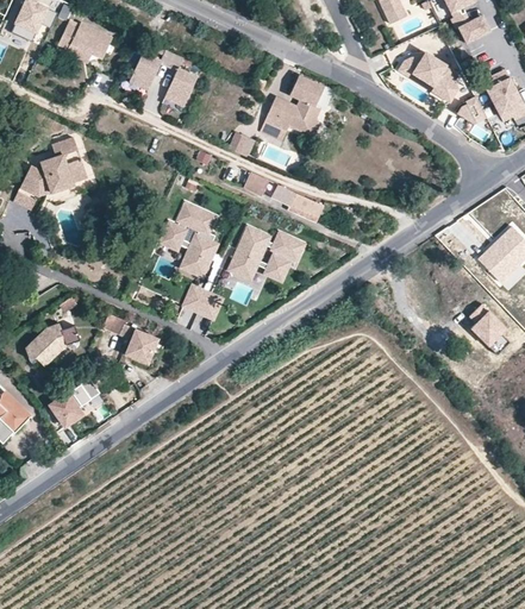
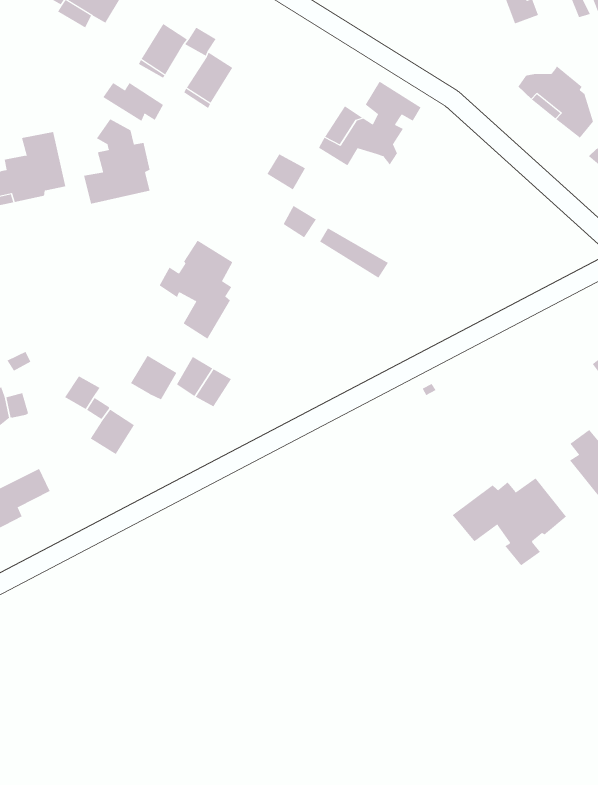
building: none -> [102,82,164,122]
building: none -> [83,119,150,204]
building: [231,227,301,276] -> none
building: none -> [130,355,177,400]
building: none -> [452,478,567,566]

